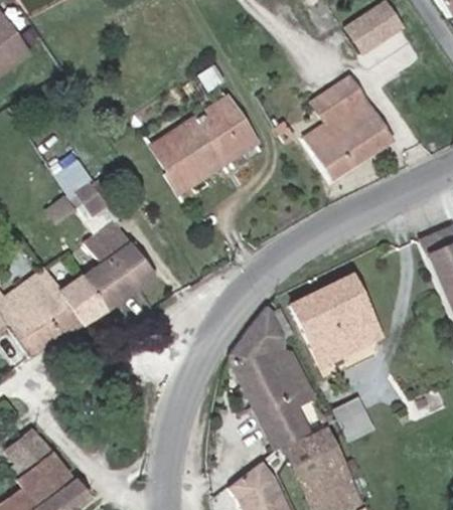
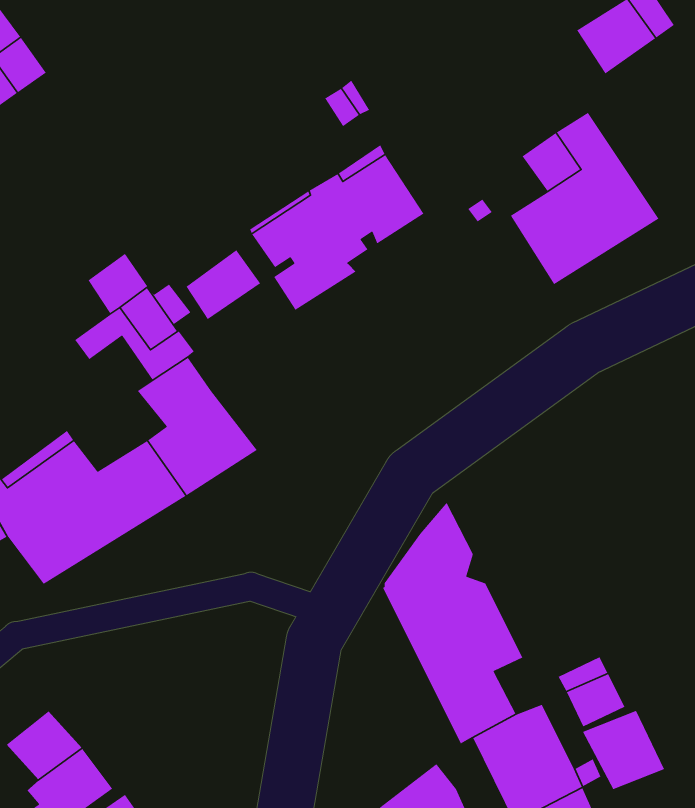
building: none -> [186,249,261,320]
building: [290,274,383,367] -> none
building: none -> [582,710,665,790]

